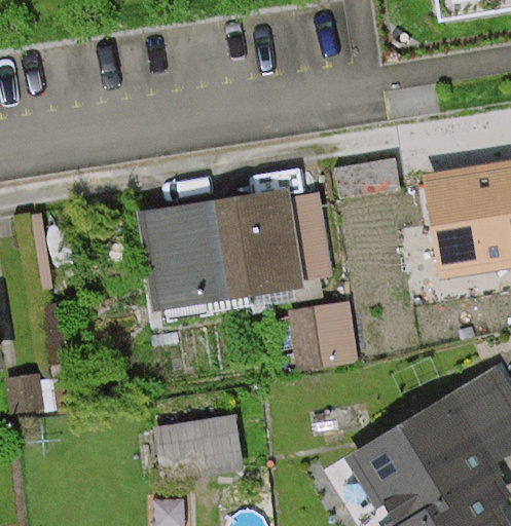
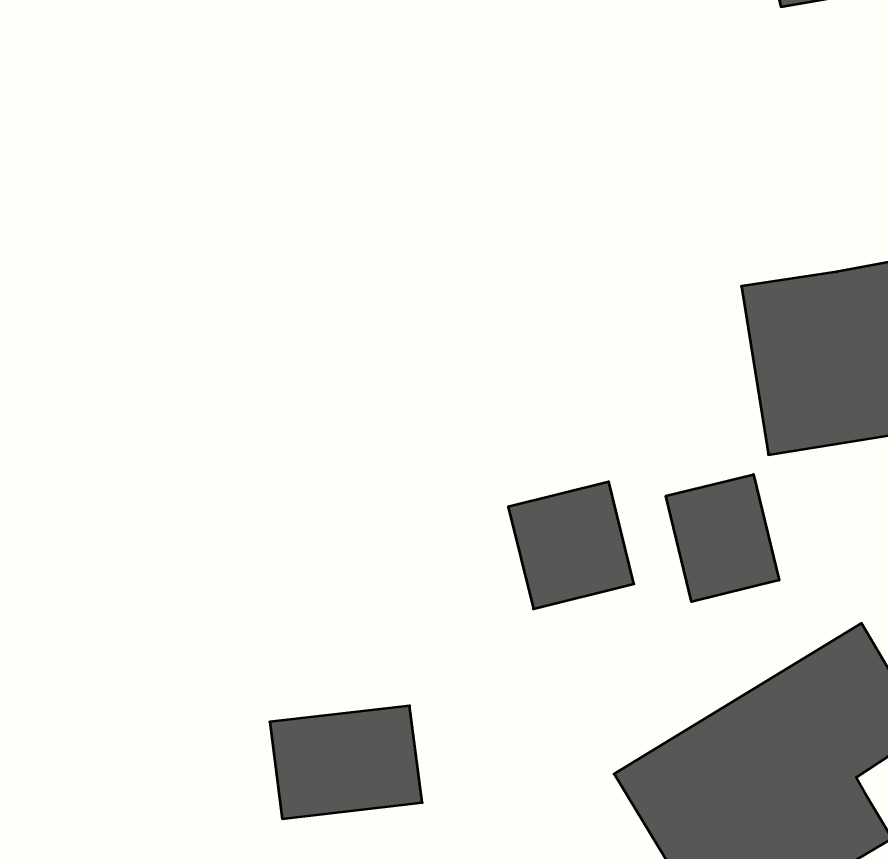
building: [144,193,326,303] -> none
building: none -> [666,474,779,602]

